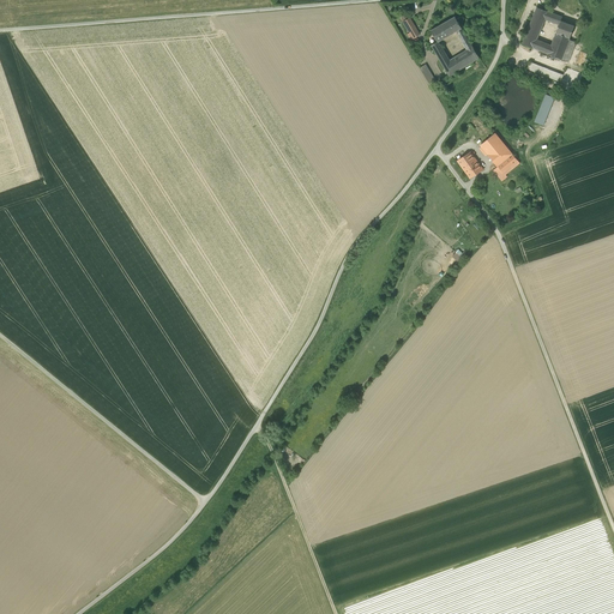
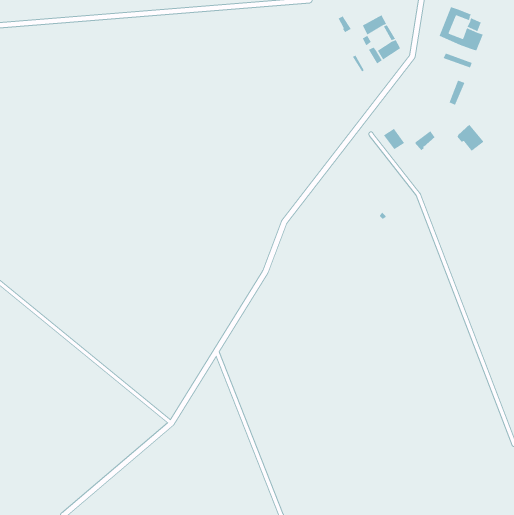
building: [478,133,512,167] -> [456,124,485,152]

